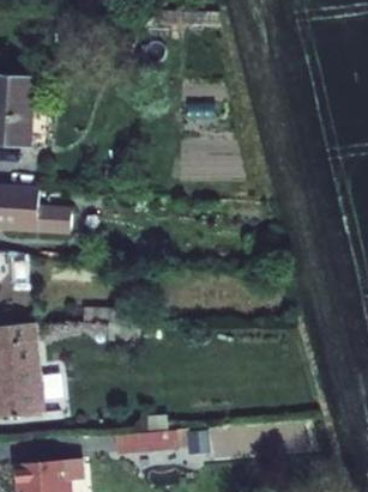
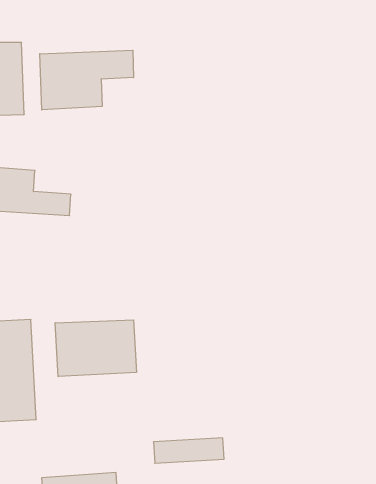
building: none -> [40,50,134,110]
building: none -> [55,320,136,377]

